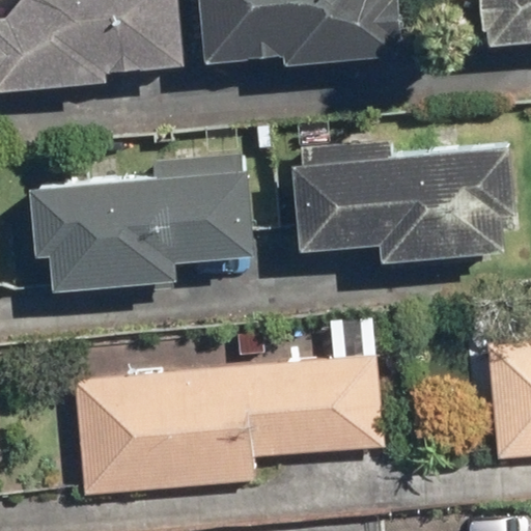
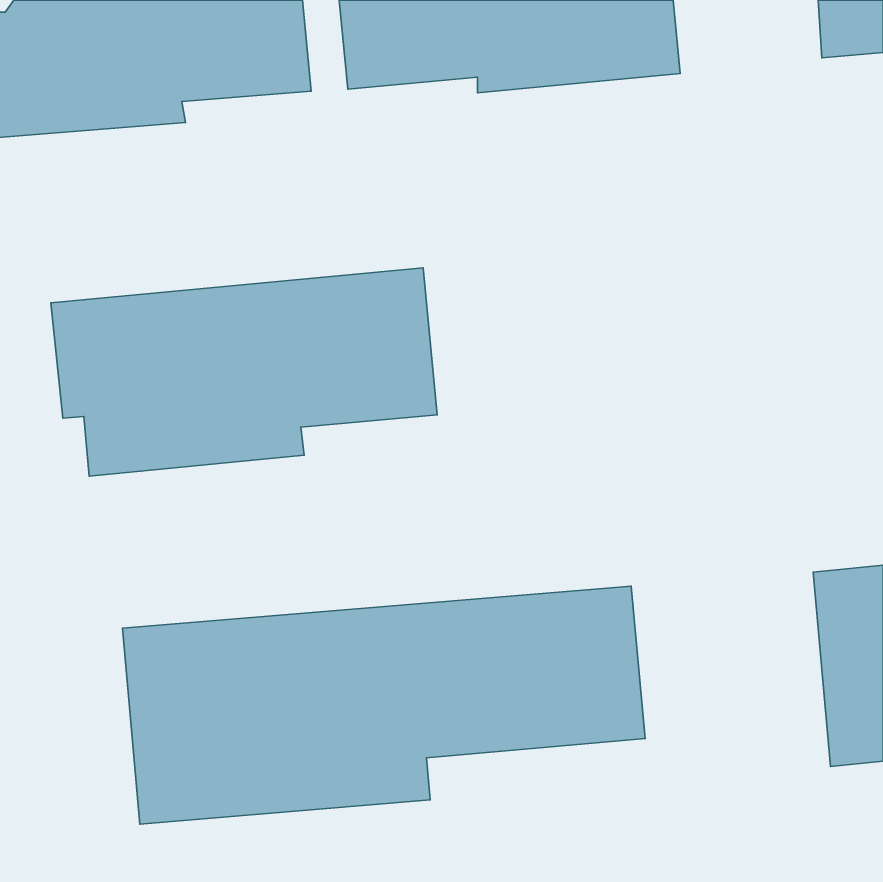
building: [292,144,515,258] -> none

